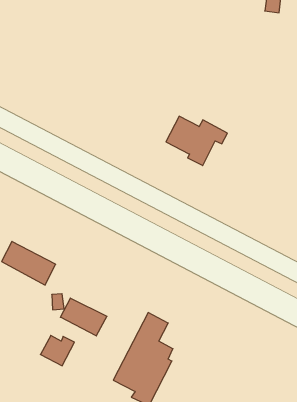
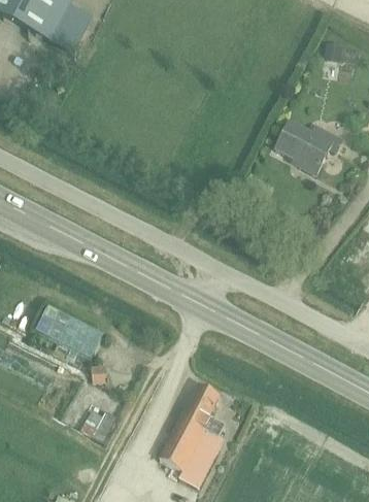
building: [166,116,227,166] -> [275,121,342,174]
building: [60,298,107,336] -> none

